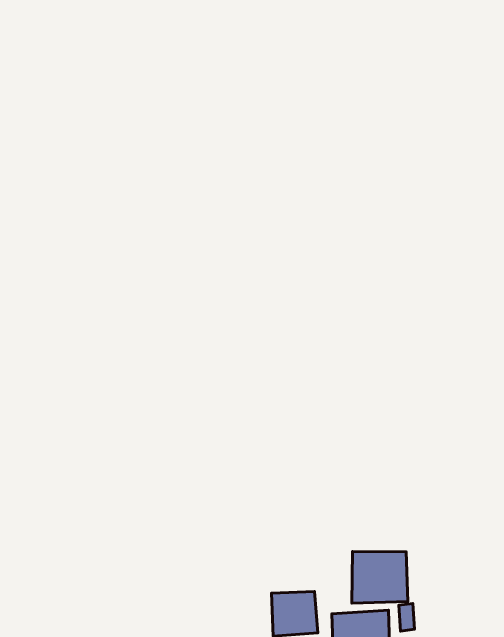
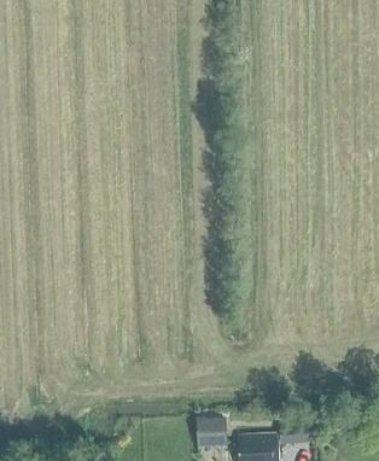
building: [352,551,408,603] -> none

